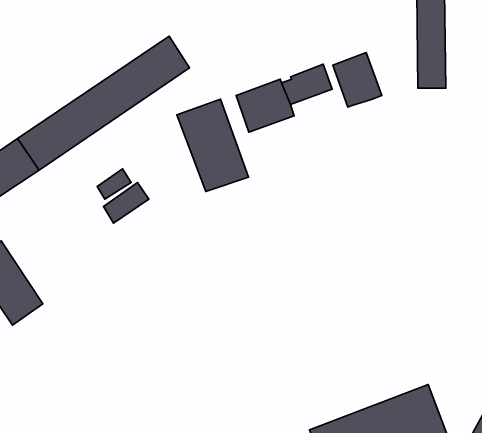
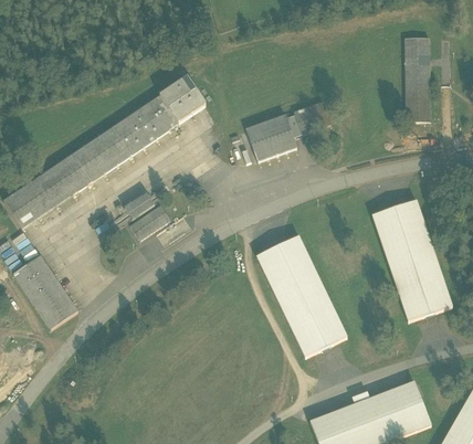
building: [333,53,382,107] -> none
building: [177,99,249,192] -> none
building: none -> [372,200,452,320]
building: none -> [257,236,346,357]

